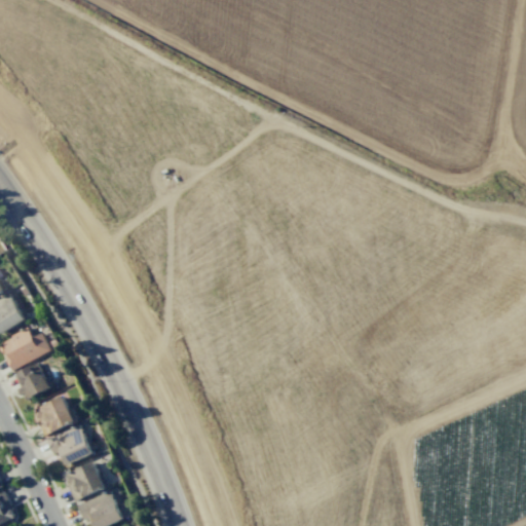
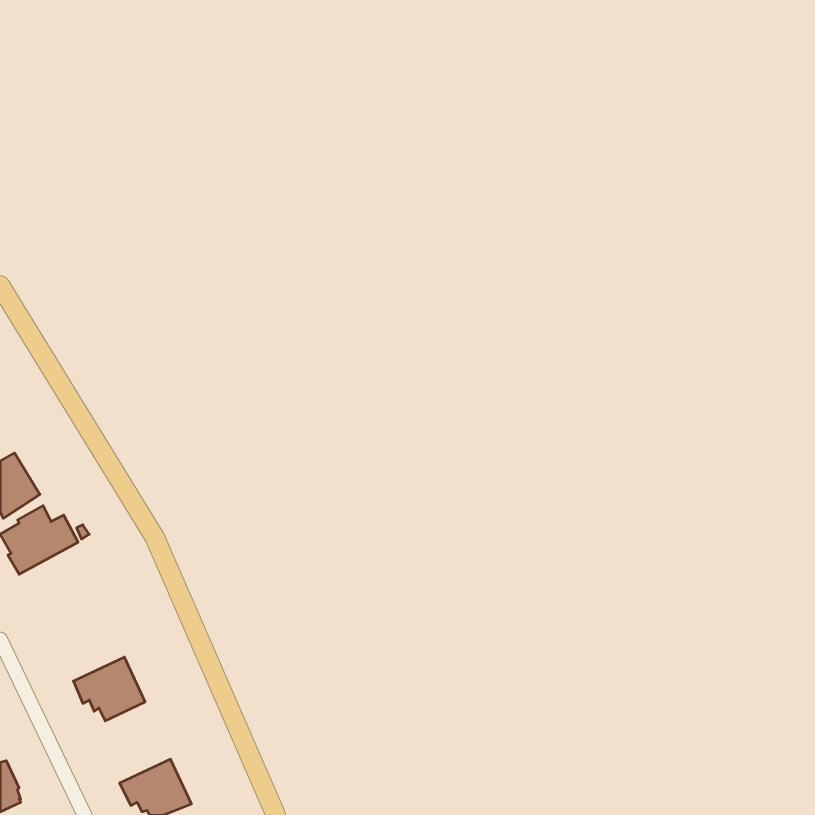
building: [14,362,51,400] -> none
building: [35,394,76,437] -> none
building: [66,460,106,500] -> none

